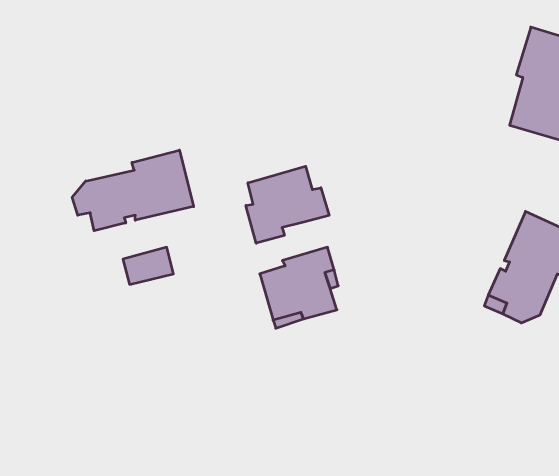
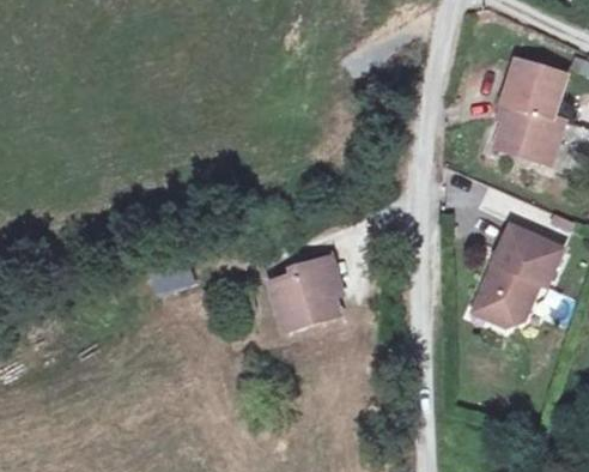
building: [72,150,194,231] -> none
building: [246,166,329,243] -> none

